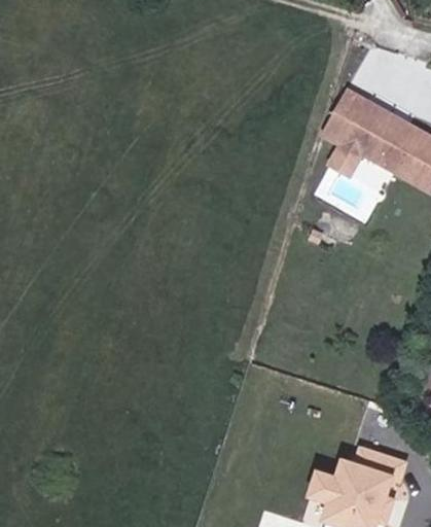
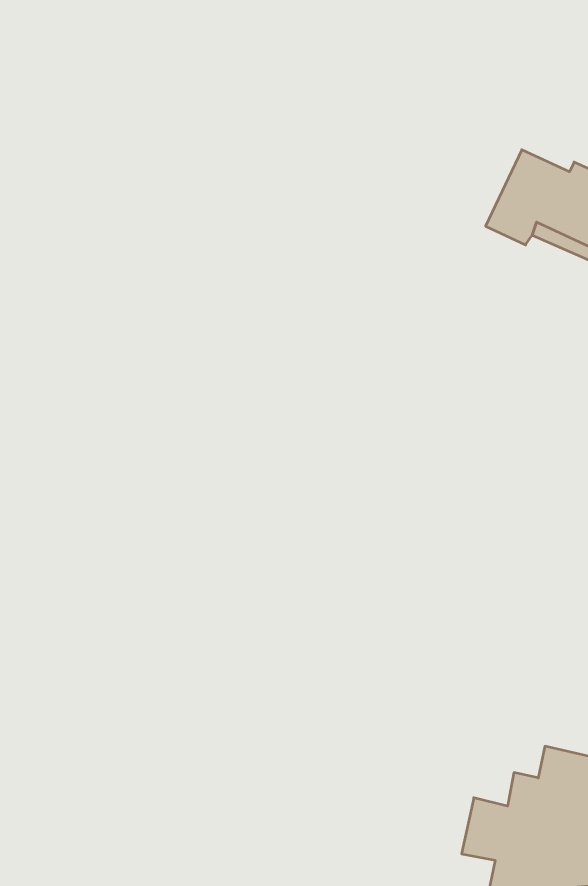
building: [323,92,393,148] -> none

